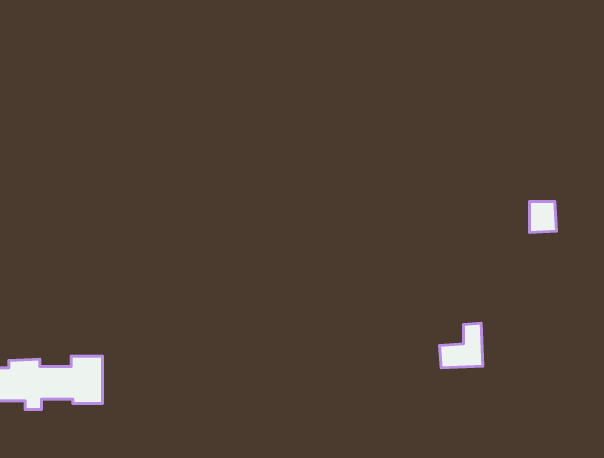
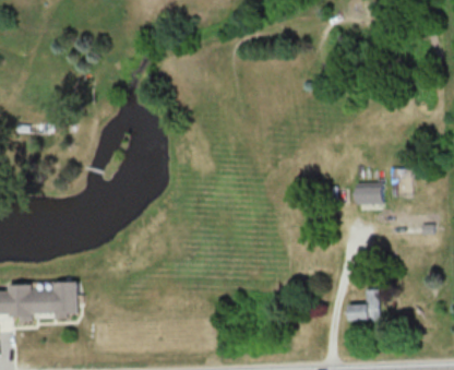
building: none -> [355,182,382,204]
building: [440,323,483,368] -> [347,288,379,321]

